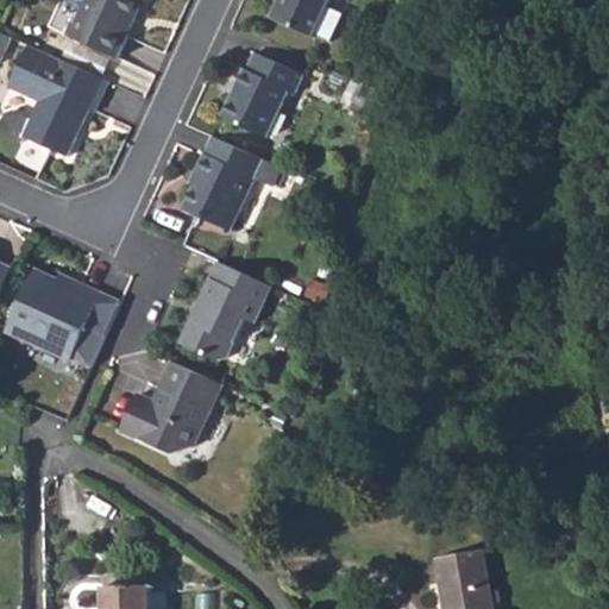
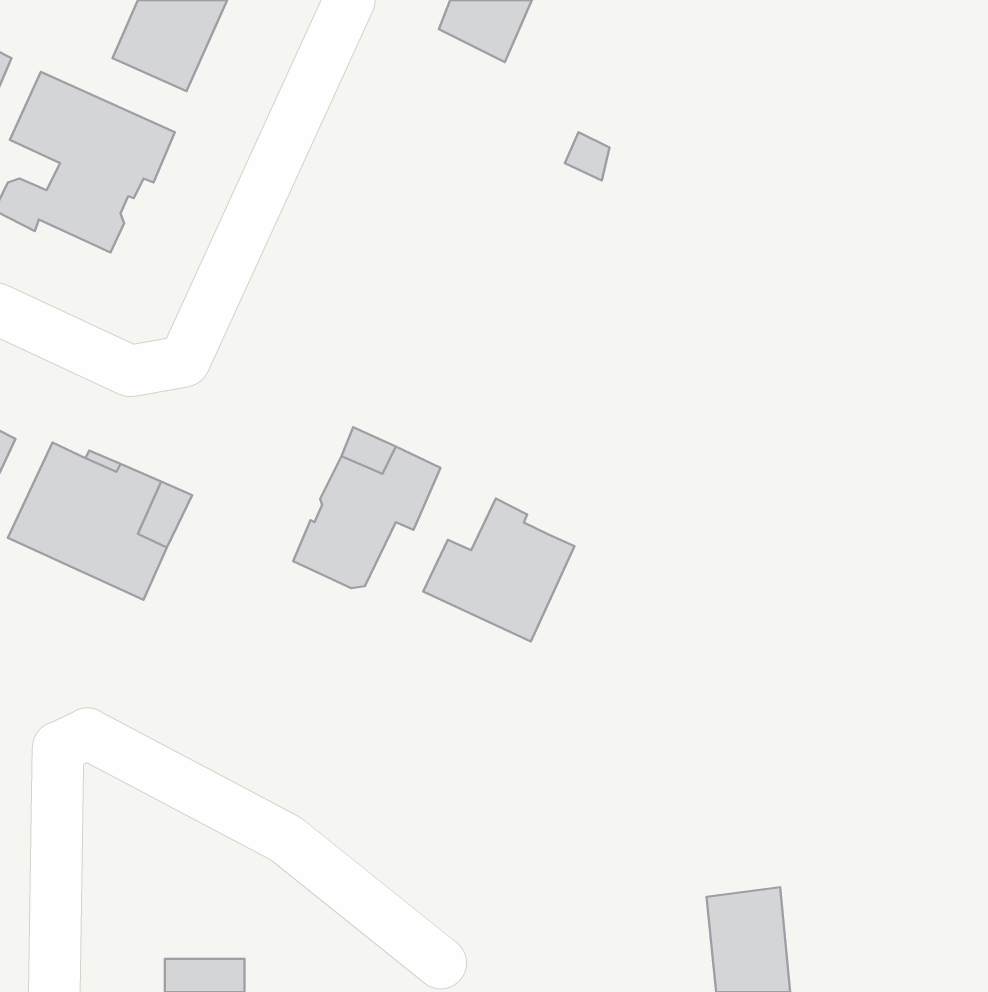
building: [220,54,301,138] -> none
building: [182,136,284,230] -> none
building: none -> [423,499,574,642]
building: [119,360,219,453] -> none

